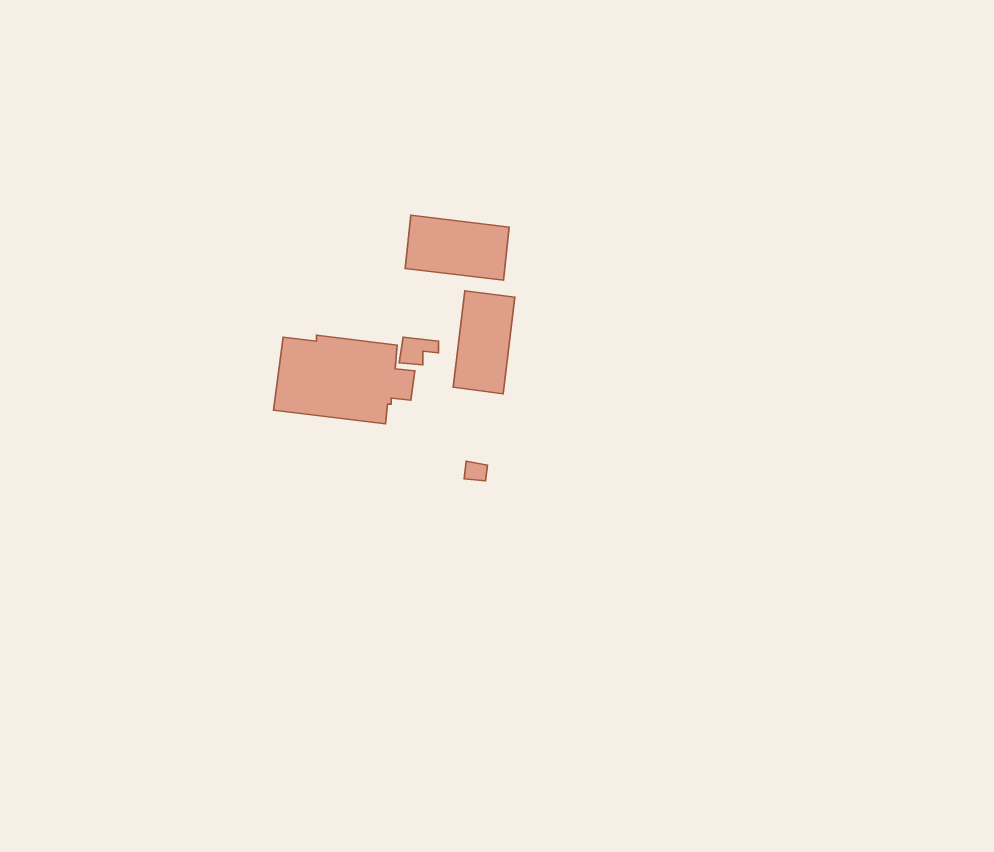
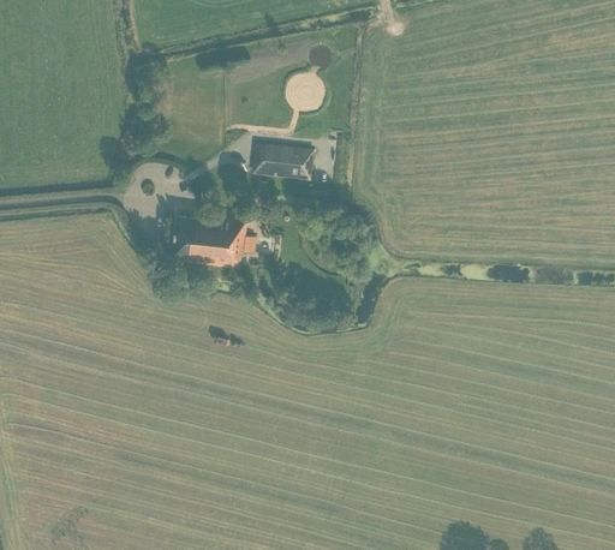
building: [453,291,515,394] -> none

